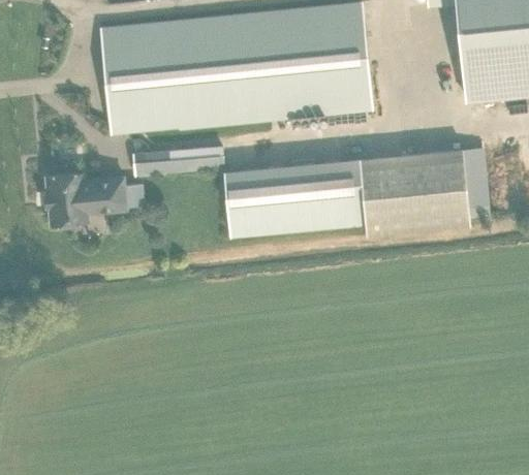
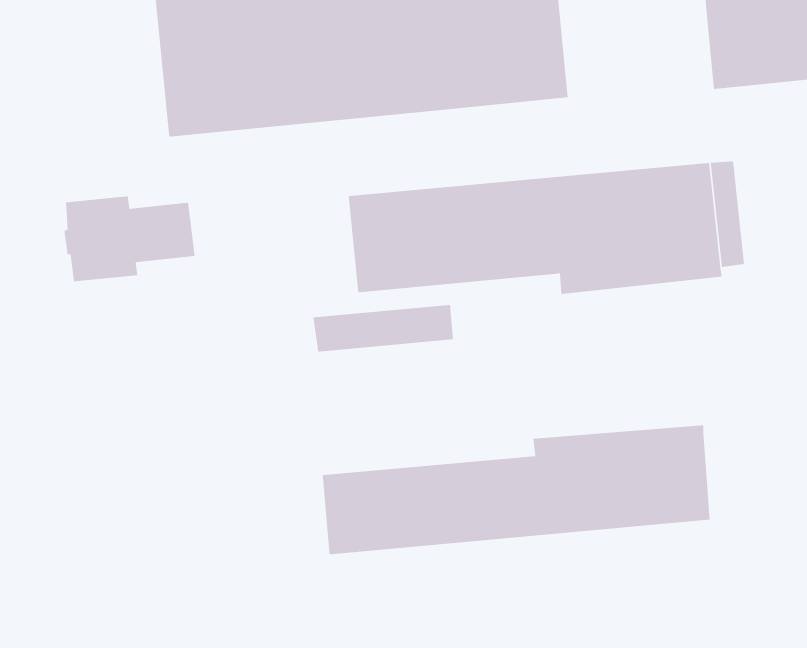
building: [132,146,224,177] -> [313,304,454,352]
building: none -> [322,425,710,555]

